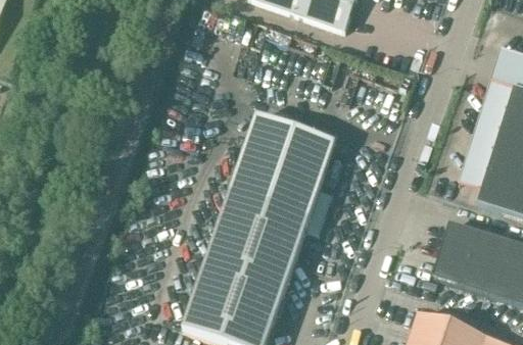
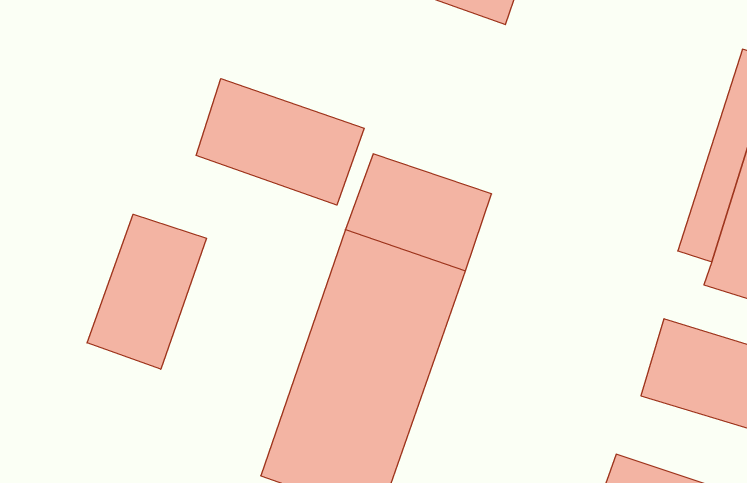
building: none -> [196,79,364,205]
building: none -> [87,214,207,369]

